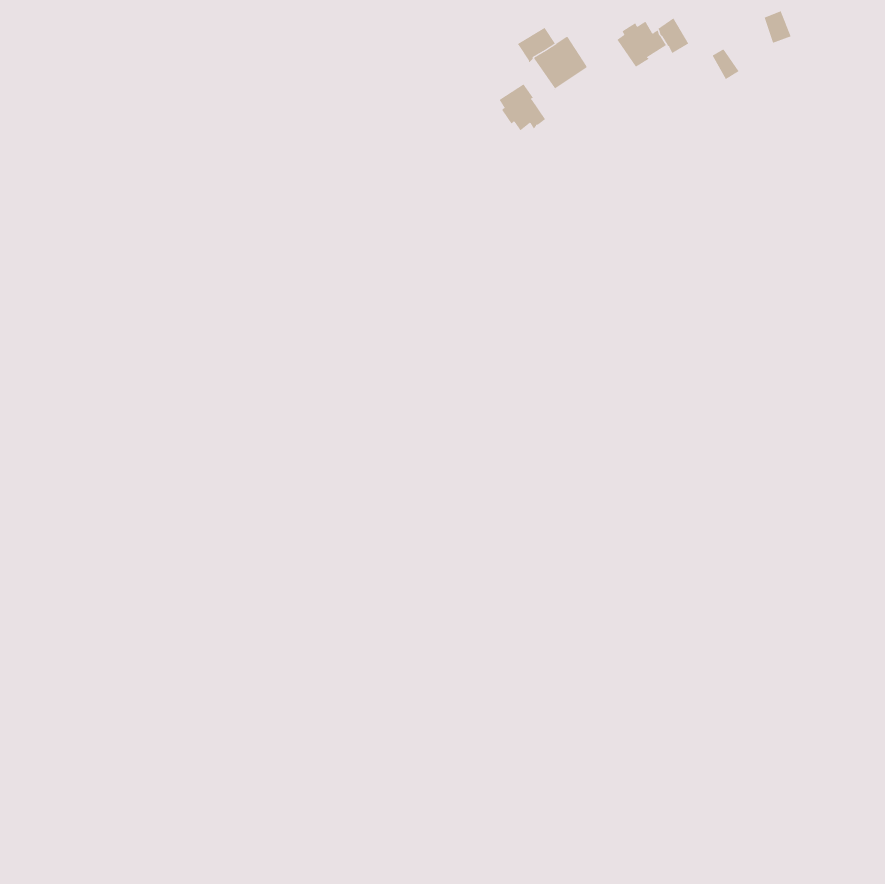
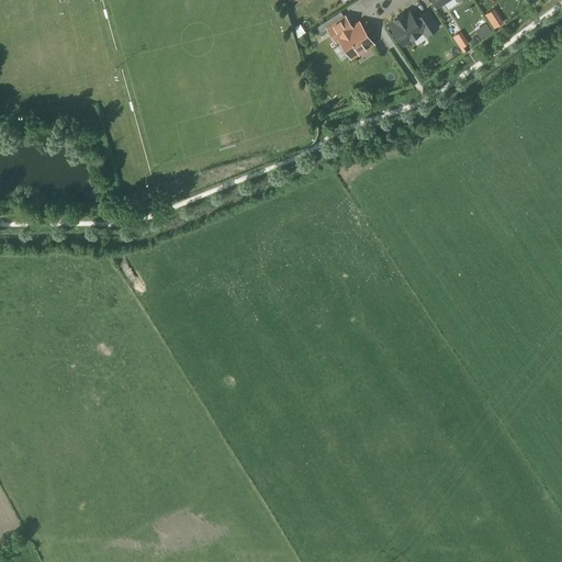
building: [499,84,546,131] -> none

